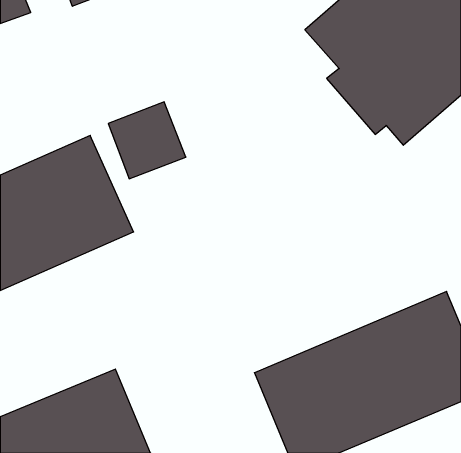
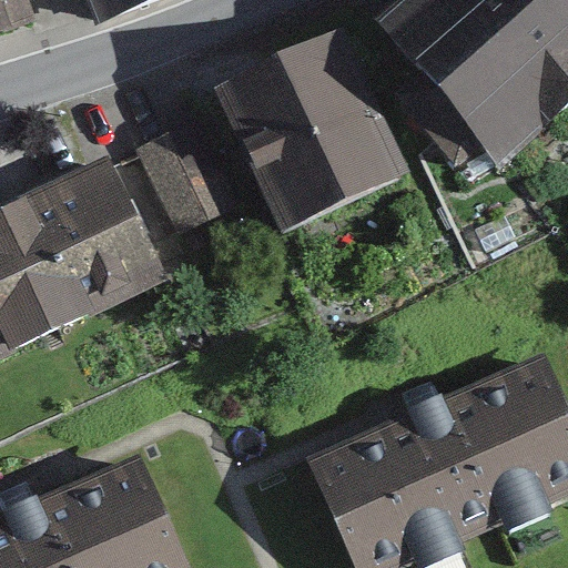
building: none -> [212,29,398,224]

